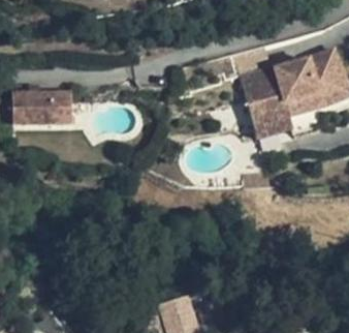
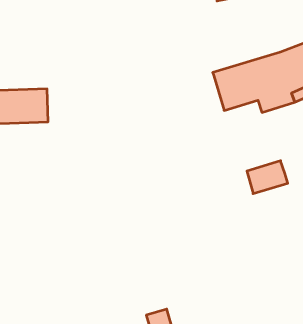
building: [251,102,292,135] -> [247,161,288,194]

